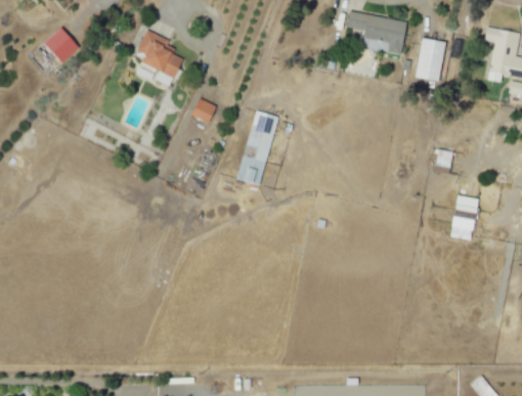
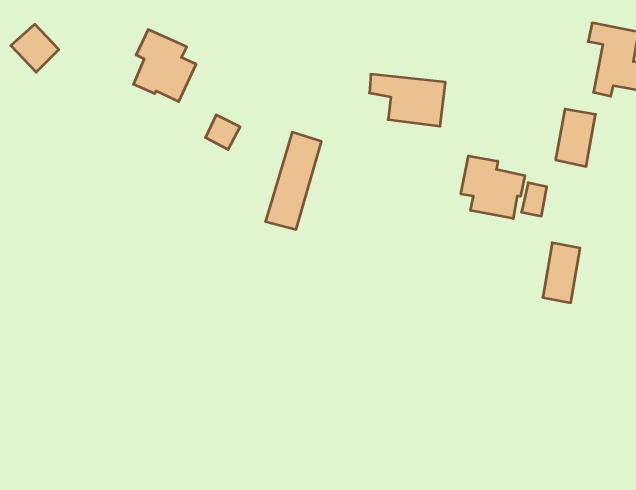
building: [347,12,405,52] -> [369,74,445,126]
building: [415,37,445,81] -> [556,109,596,166]
building: none -> [461,156,525,219]

